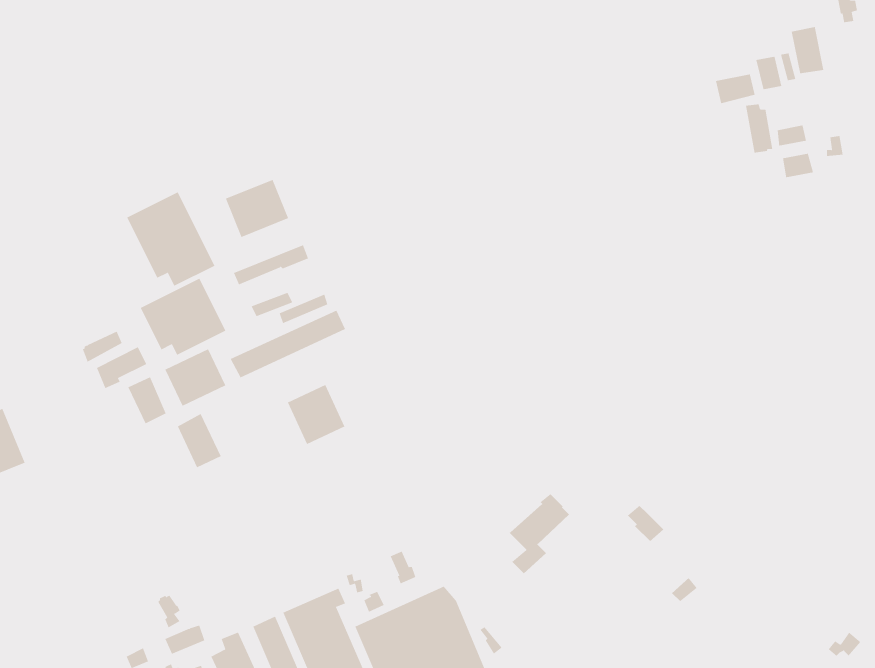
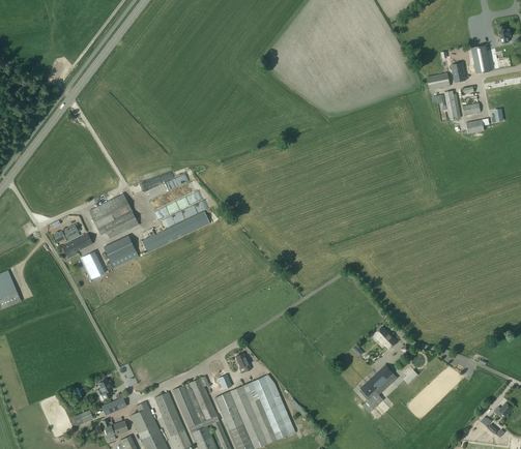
building: [225,179,289,238] -> none
building: [126,192,215,287] -> none
building: [287,384,345,445] -> none
building: [177,413,222,468] -> none
building: [508,493,570,574] -> [359,365,396,413]

